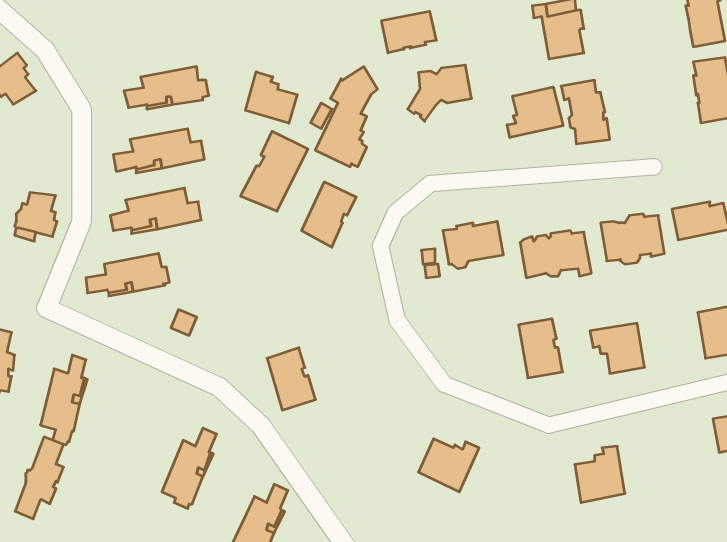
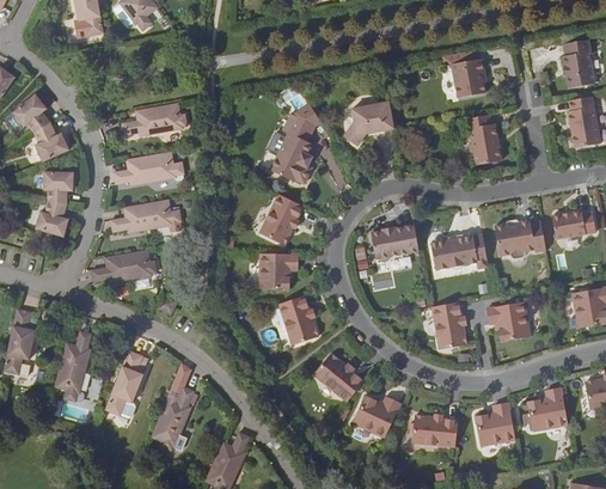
building: [382,11,436,53] -> none
building: [245,72,297,123] -> none
building: [507,87,563,138] -> none
building: none -> [33,122,71,163]
building: [241,131,308,211] -> none
building: none -> [42,170,75,204]
building: none -> [259,253,298,289]
building: [267,348,316,410] -> [280,295,318,344]
building: none -> [314,353,365,401]
building: none -> [527,386,568,430]
building: [15,437,64,519] -> [105,350,143,415]
building: none -> [414,415,458,446]

